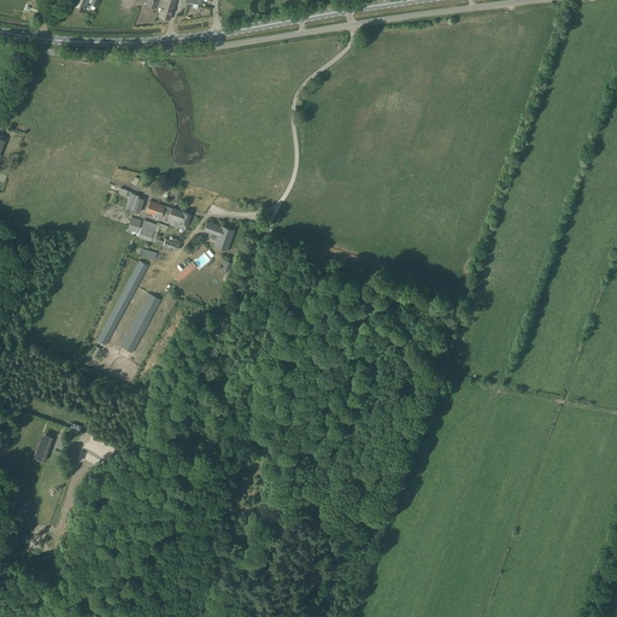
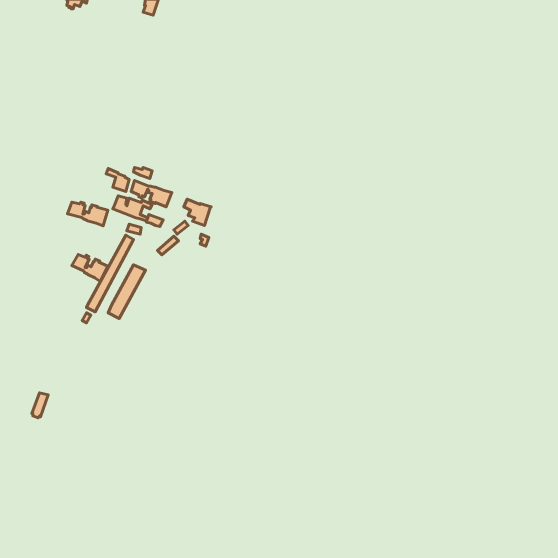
building: none -> [68,202,108,226]
building: none -> [72,254,108,281]

